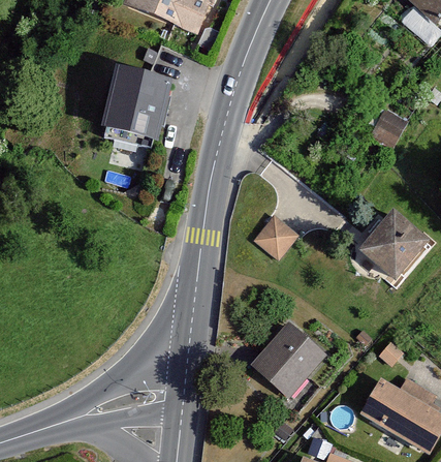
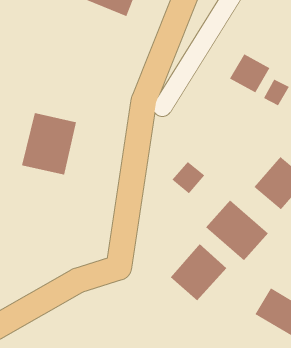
building: [100,66,171,147] -> [21,112,77,175]
building: none -> [229,54,270,93]
building: none -> [205,199,269,261]

